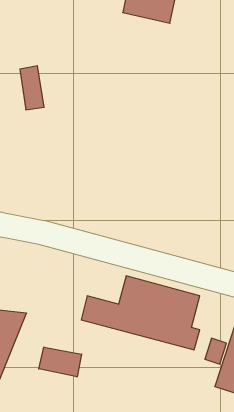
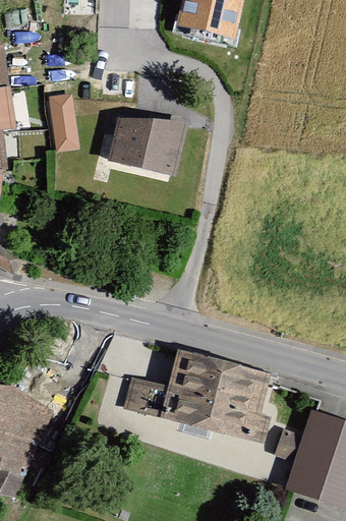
building: none -> [109,118,187,177]
building: [39,347,82,377] -> none

